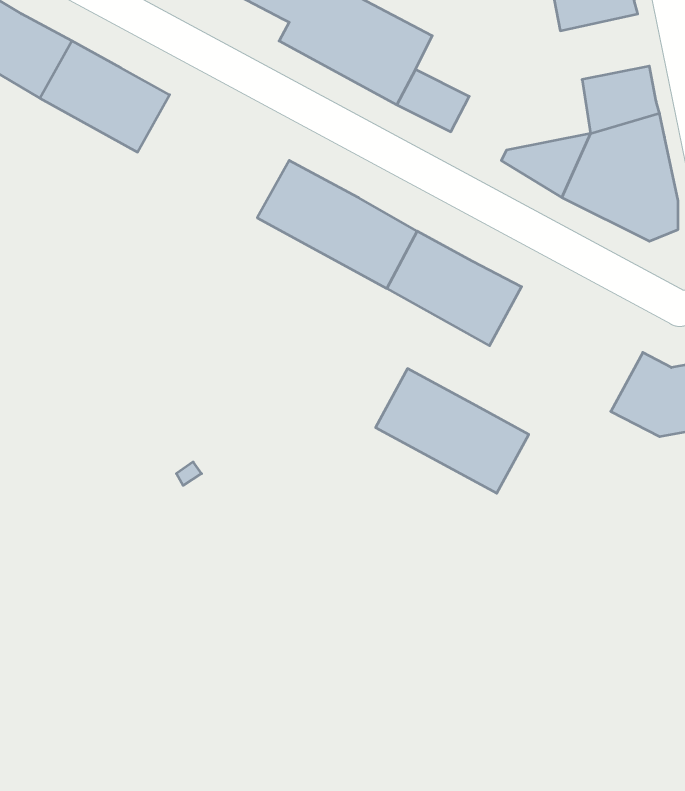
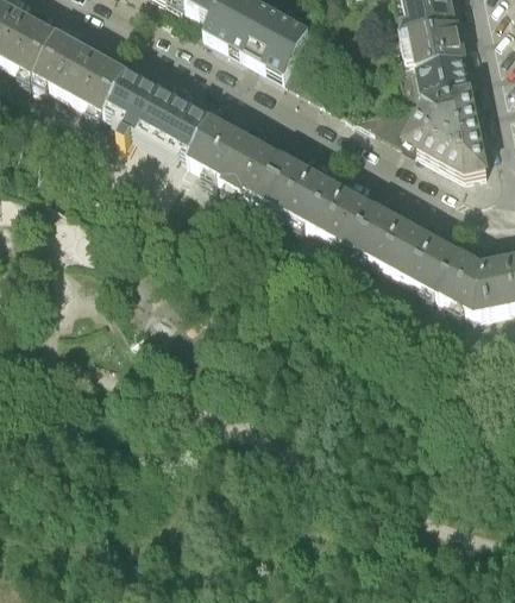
building: none -> [402,12,465,58]
building: none -> [103,69,211,157]
building: [376,369,529,493] -> [352,205,460,293]

